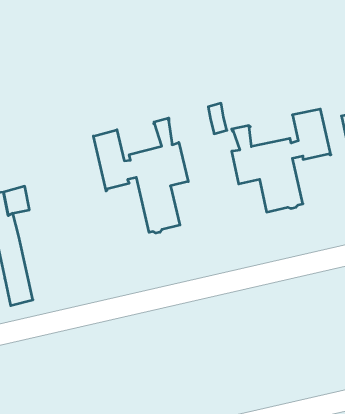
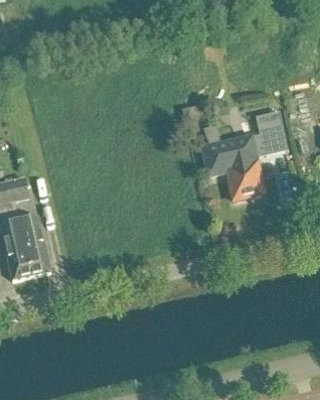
building: [93,118,188,233] -> none
building: none -> [18,216,49,274]

